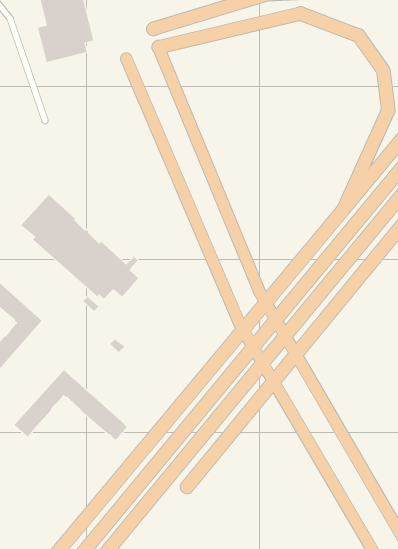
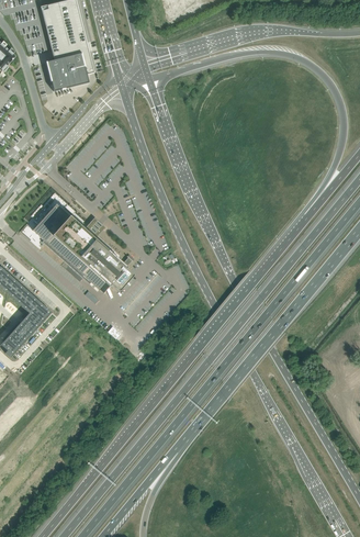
building: [14,369,128,441] -> none

